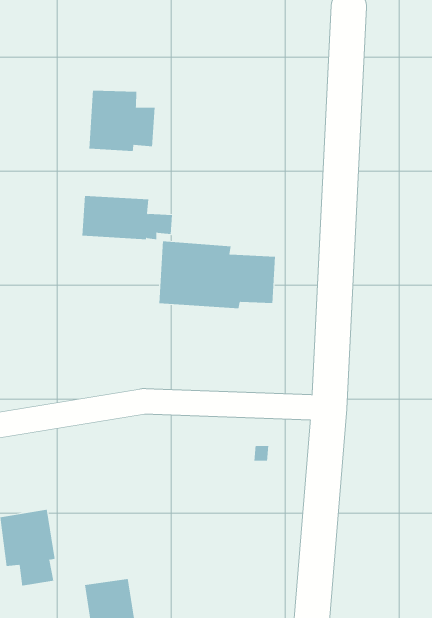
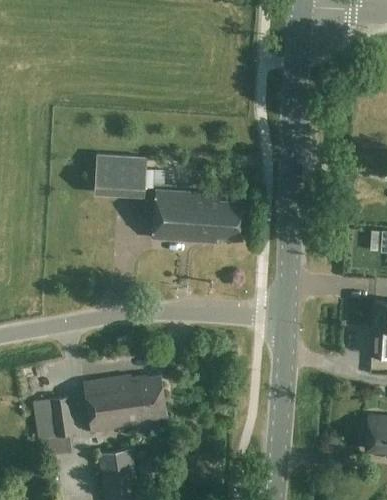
building: [89,90,155,152] -> none
building: none -> [85,375,166,430]

